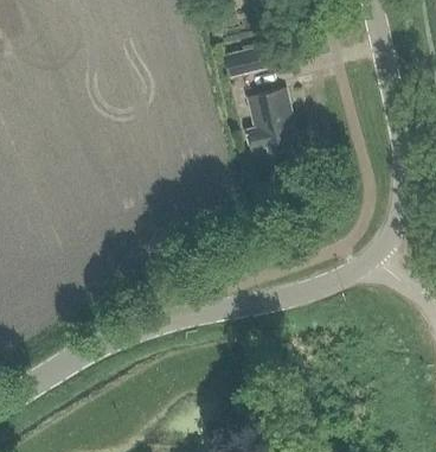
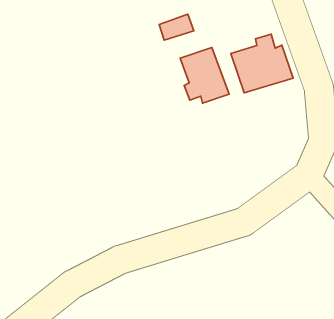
building: none -> [231,34,293,93]

